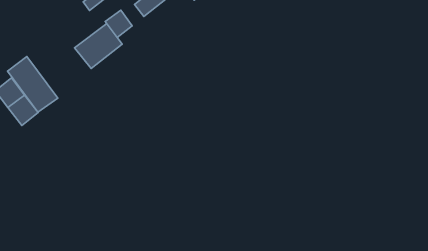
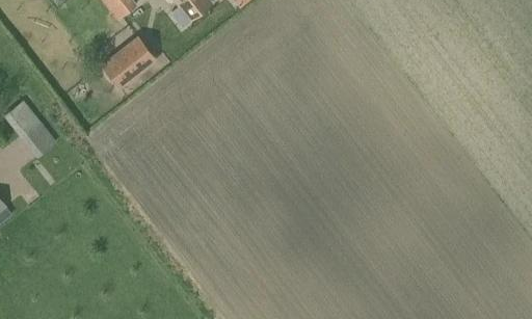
building: [105,10,132,37] -> none
building: [8,57,58,112] -> none

